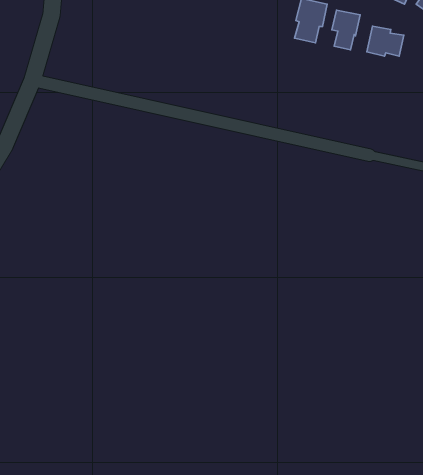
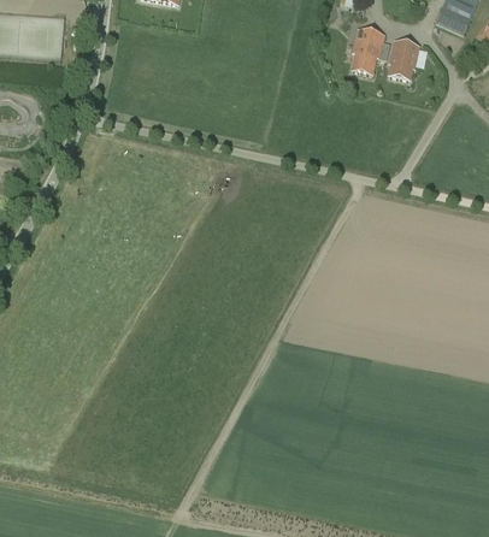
building: [367,26,404,56] -> none

